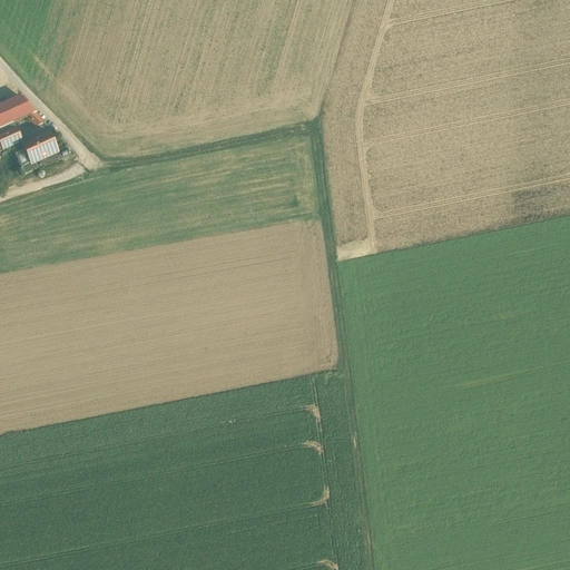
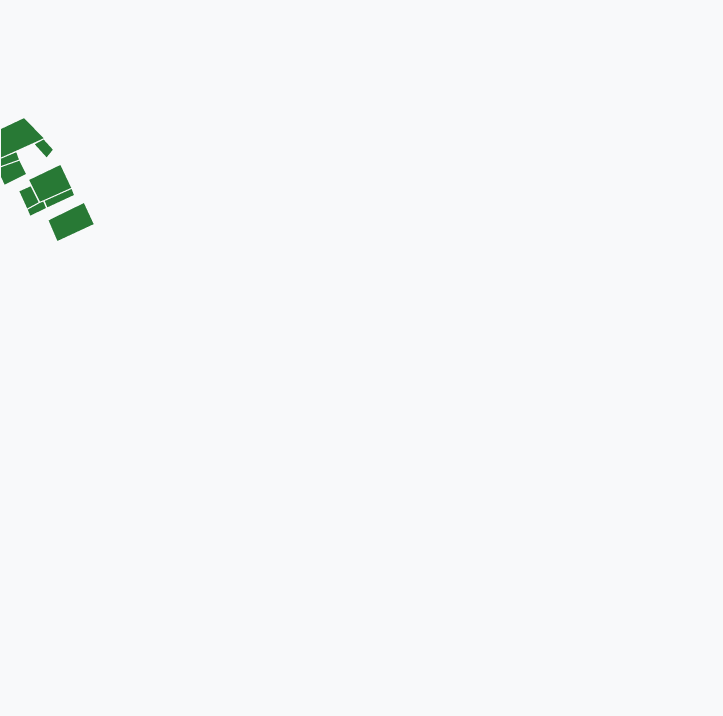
building: none -> [48,202,94,242]

